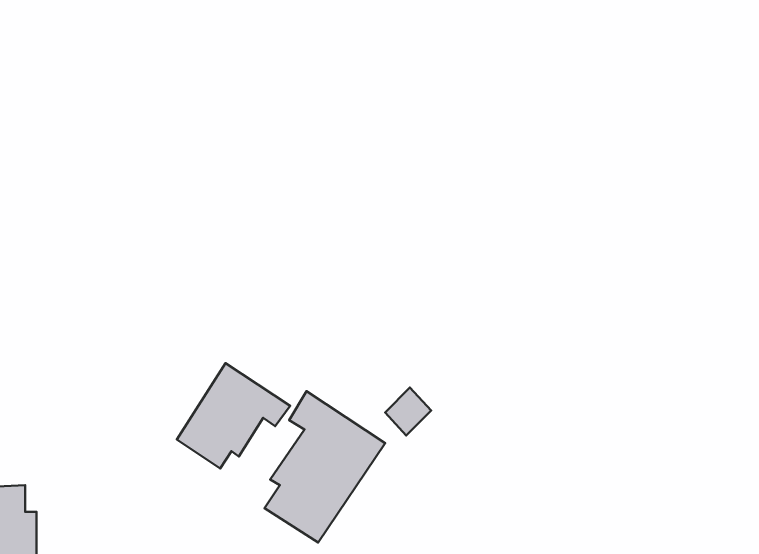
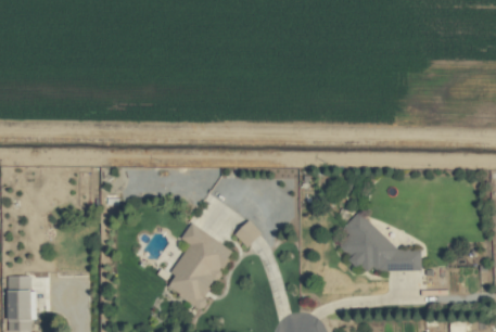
building: [177,363,290,469] -> none
building: none -> [336,212,420,276]

